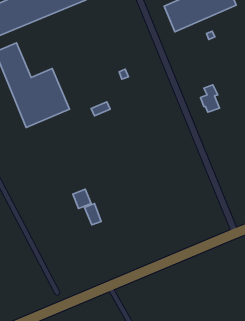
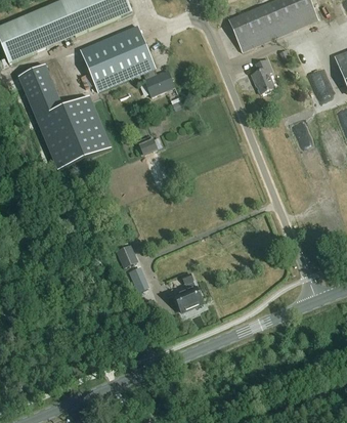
building: none -> [81,27,174,95]
building: [200,85,220,112] -> [251,58,274,92]
building: none -> [174,272,203,311]

